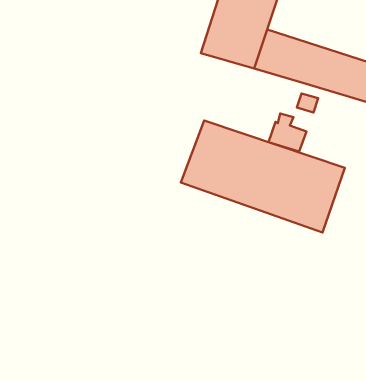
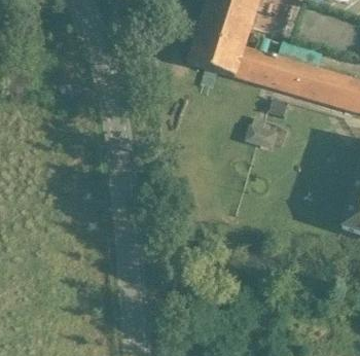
building: [181,120,345,233] -> none

